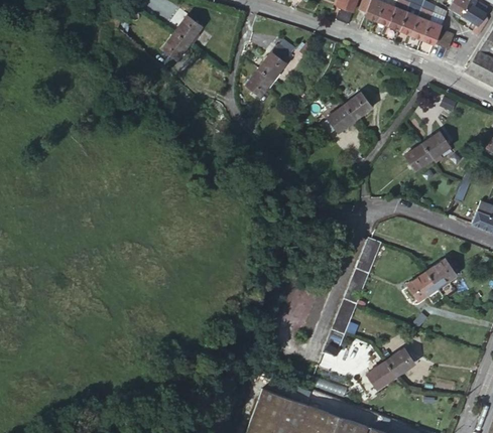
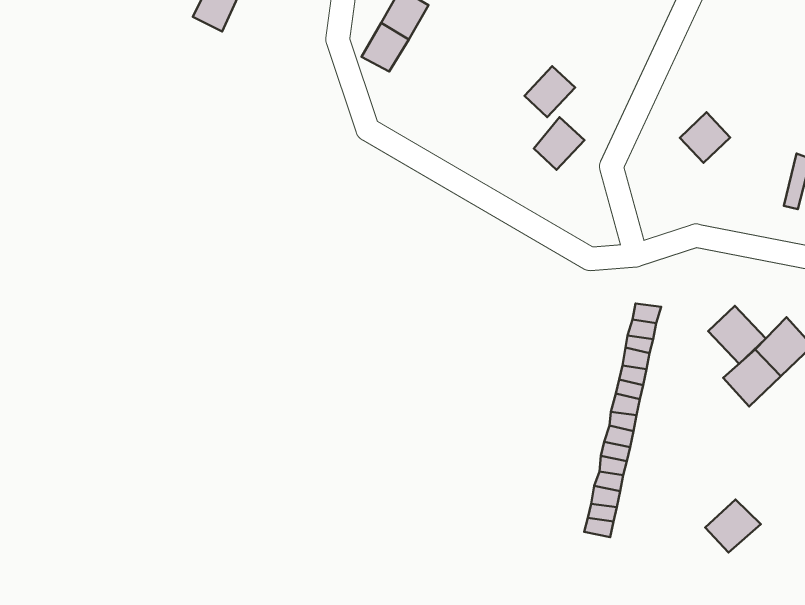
building: [345,93,372,120] -> [534,117,585,170]
building: [421,132,449,163] -> none
building: none -> [708,306,766,364]
building: [366,360,395,389] -> none

